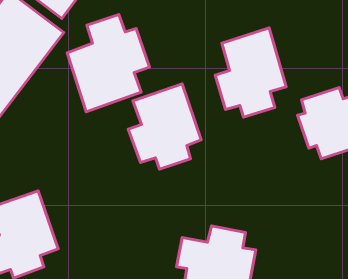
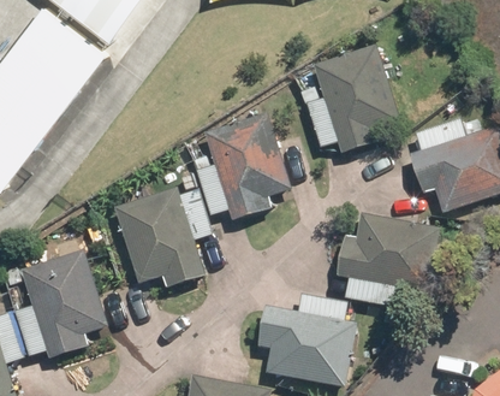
building: [67,14,149,112] -> none
building: none -> [117,188,212,289]
building: none -> [339,217,441,305]

